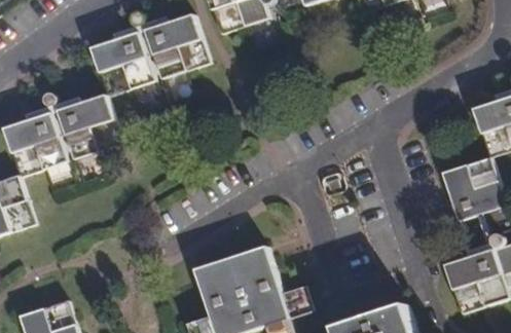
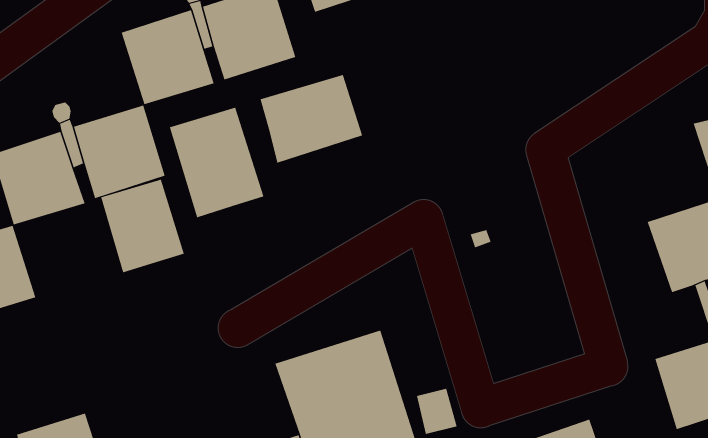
building: none -> [260,74,363,163]
building: none -> [169,107,264,218]
building: none -> [101,179,185,273]

